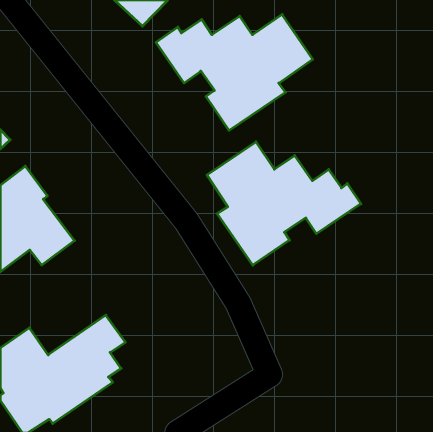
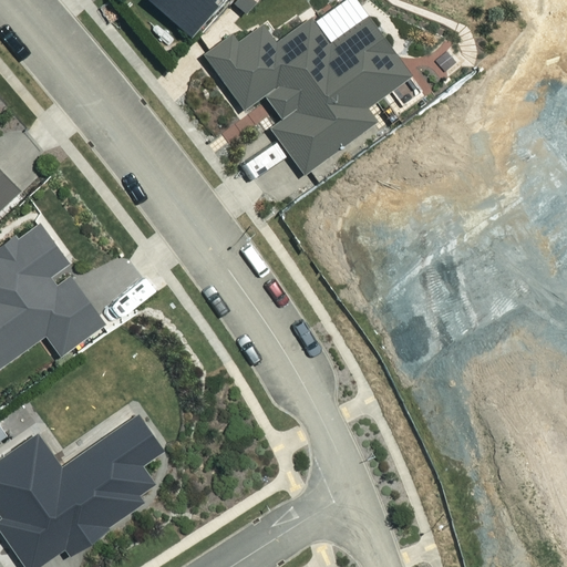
building: [207,142,361,265] -> none

